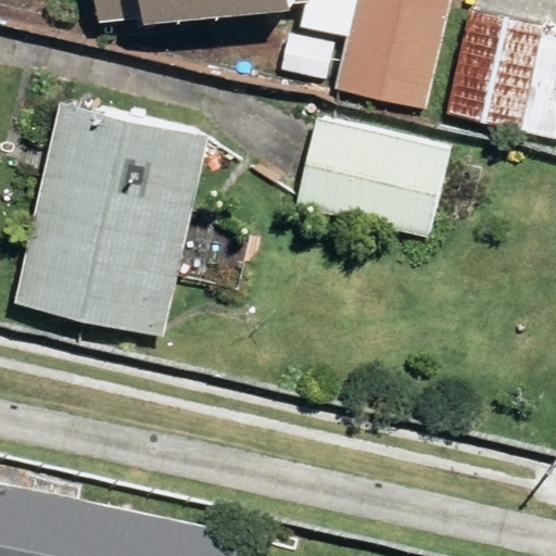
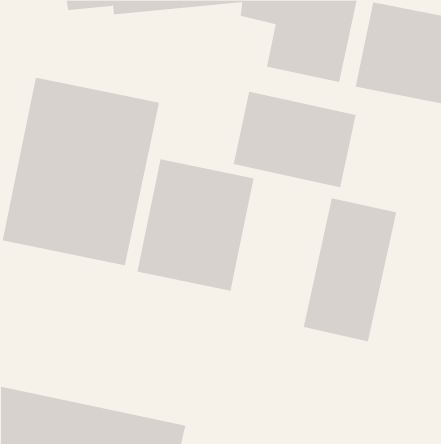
building: none -> [137,159,254,291]
building: none -> [303,197,397,342]

